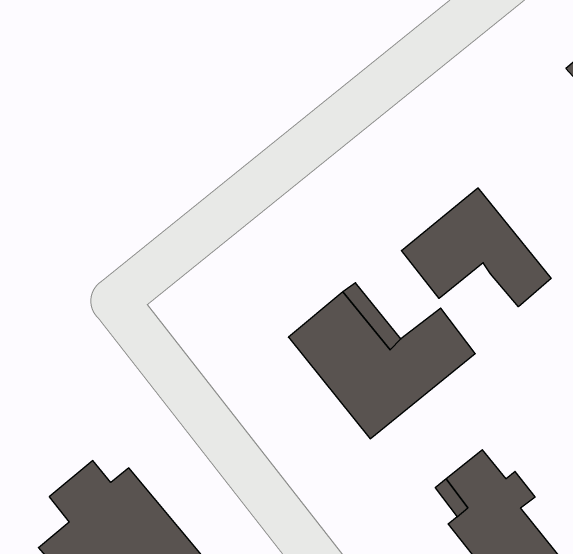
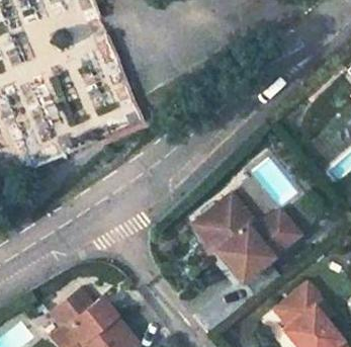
building: [401,188,551,307] -> none

